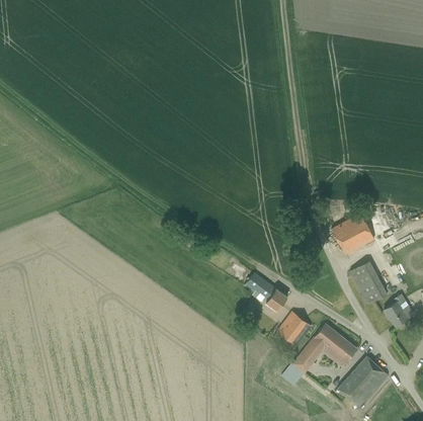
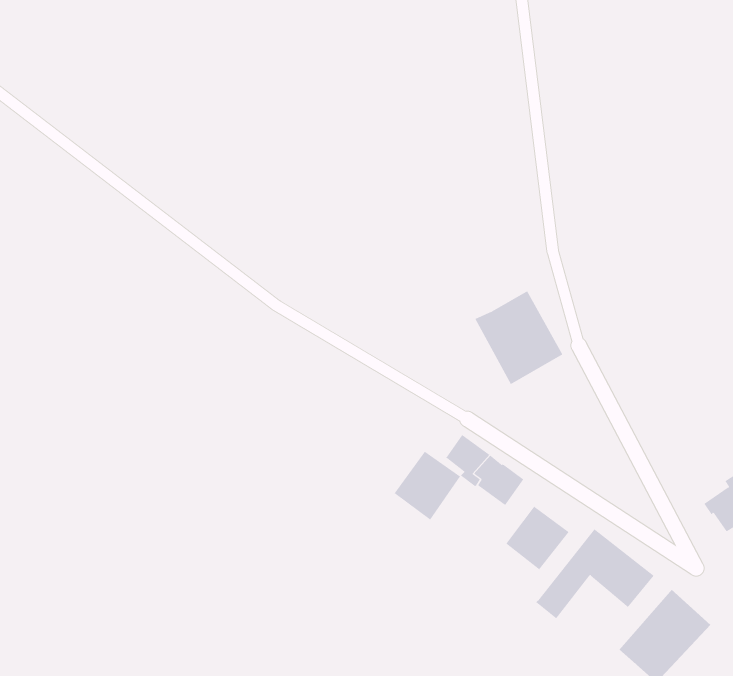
building: [327,204,374,255] -> [474,290,563,385]
building: [349,259,388,305] -> none
building: none -> [394,451,461,521]

